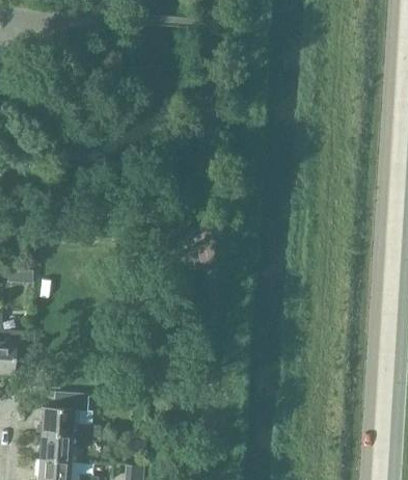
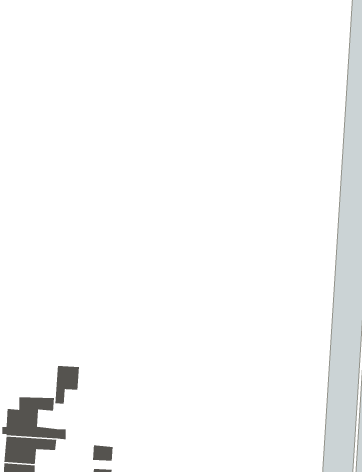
building: none -> [54,365,80,404]

